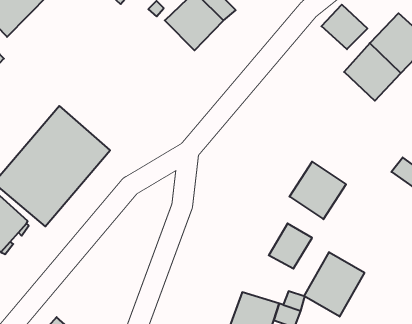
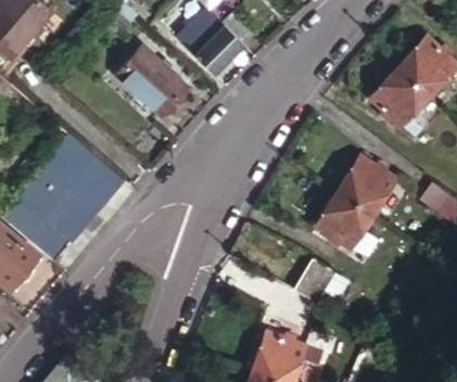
building: [321,5,367,49] -> none
building: none -> [118,46,189,114]
building: none -> [337,155,397,216]
building: [304,252,364,317] -> none

